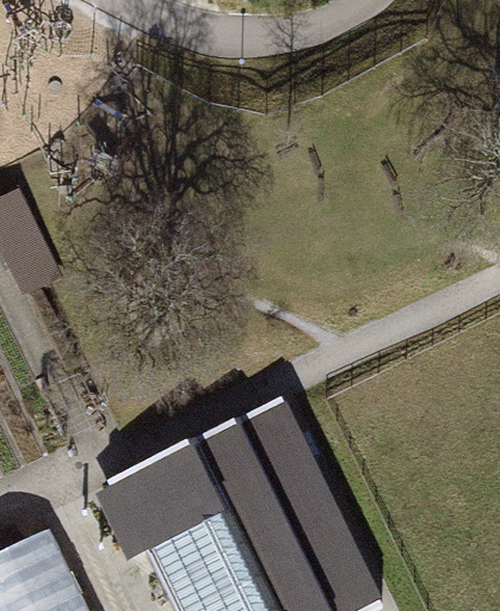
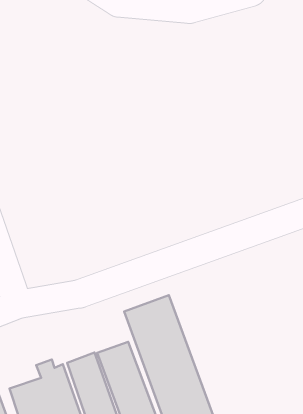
building: [89,438,242,533] -> none

